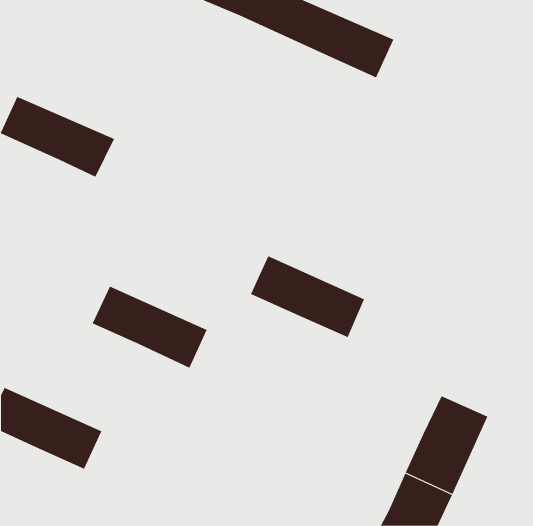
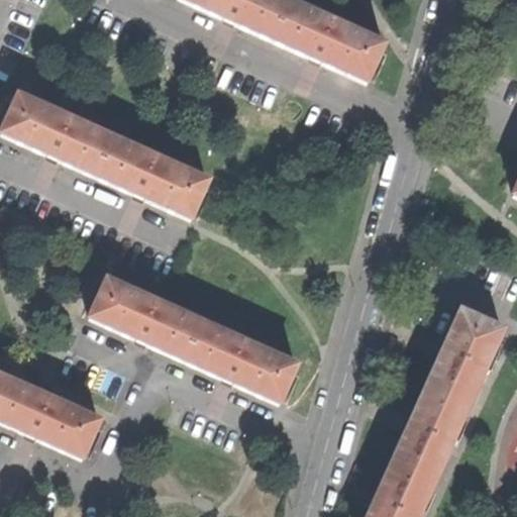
building: none -> [93,134,205,214]
building: [250,255,365,338] -> [184,319,295,399]
building: none -> [427,304,508,403]

